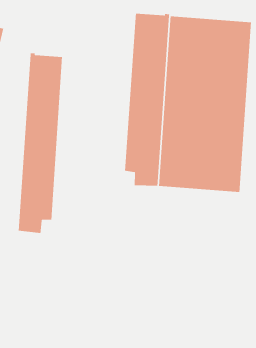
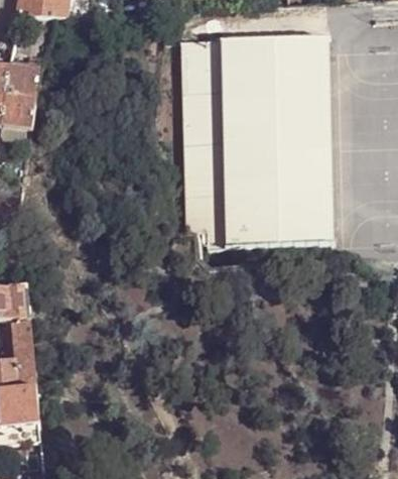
building: [18,53,63,234] -> none

